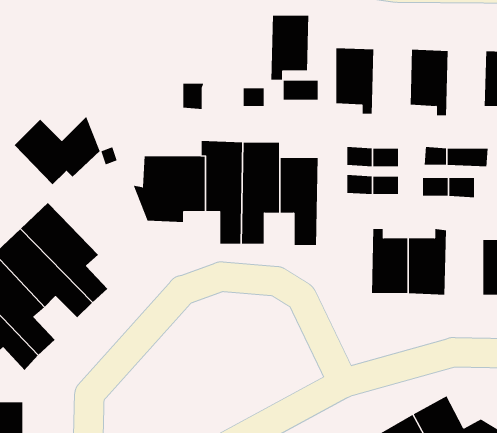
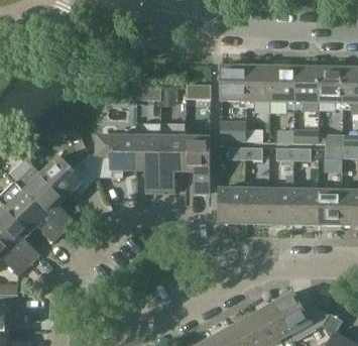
building: [271,15,309,80] -> [244,65,269,107]
building: none -> [292,66,318,108]
building: [14,116,100,185] -> [40,153,97,199]
building: none -> [218,182,244,224]
building: none -> [291,183,316,225]

